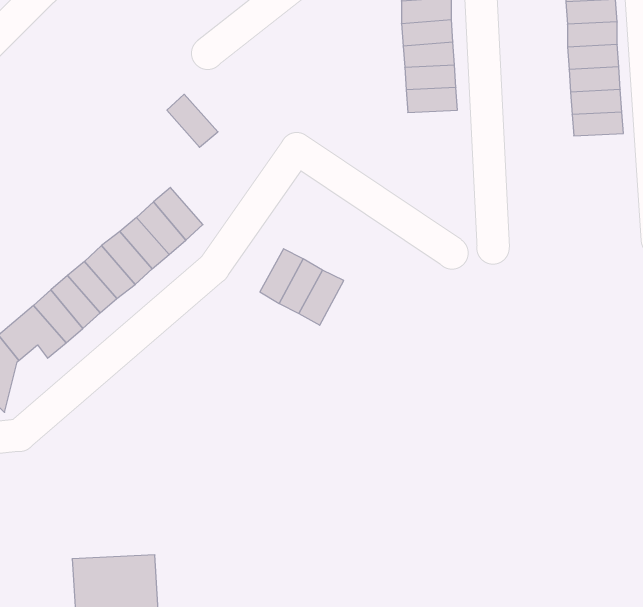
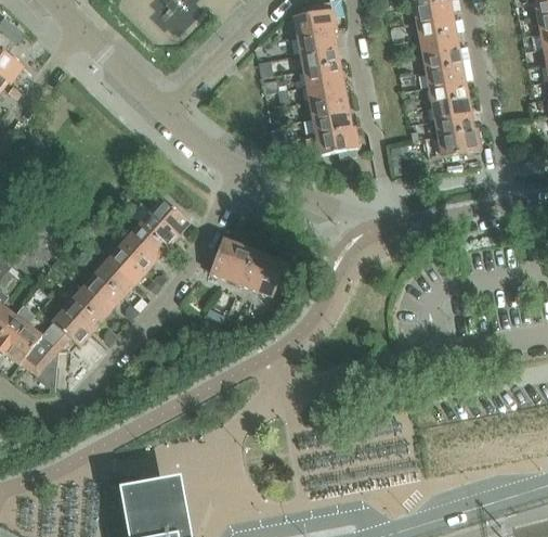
building: [167,94,218,147] -> [151,197,190,234]
building: none -> [315,126,357,158]
building: none -> [438,127,480,156]
building: none -> [209,238,238,278]

